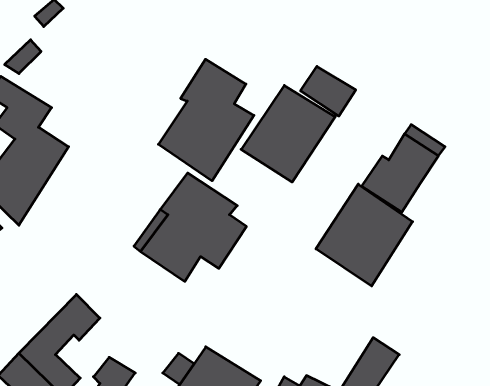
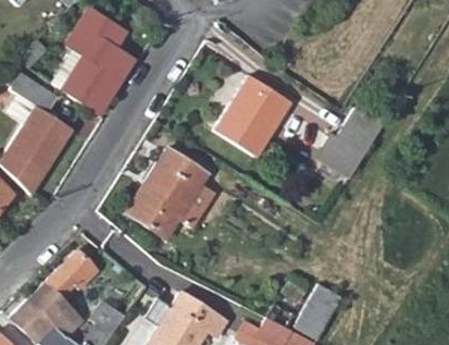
building: [158,59,254,181] -> [51,11,130,112]
building: [301,66,356,116] -> none
building: [316,184,413,286] -> none

